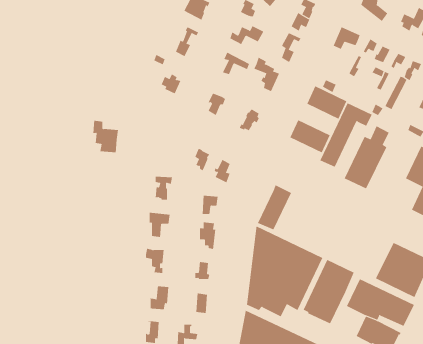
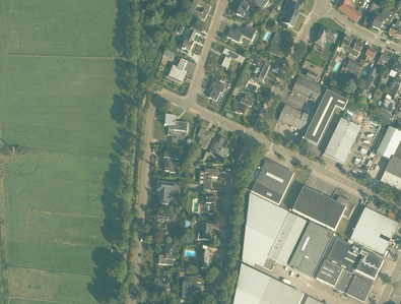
building: [92,120,119,153] -> [164,114,187,141]
building: none -> [264,166,293,204]
building: none -> [291,187,354,230]
building: none -> [316,260,341,287]

